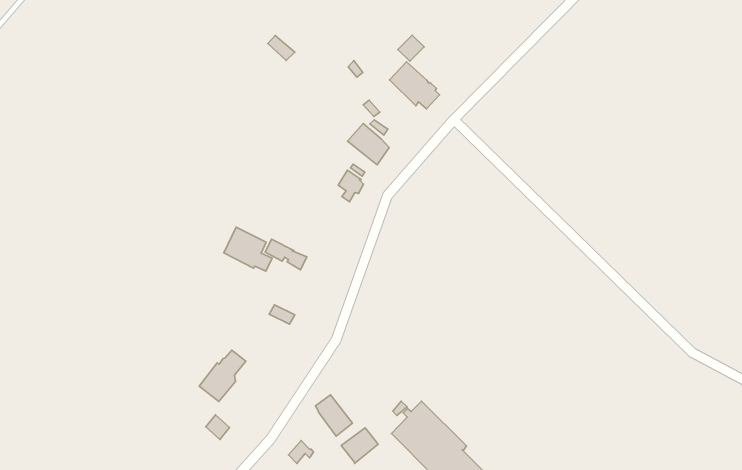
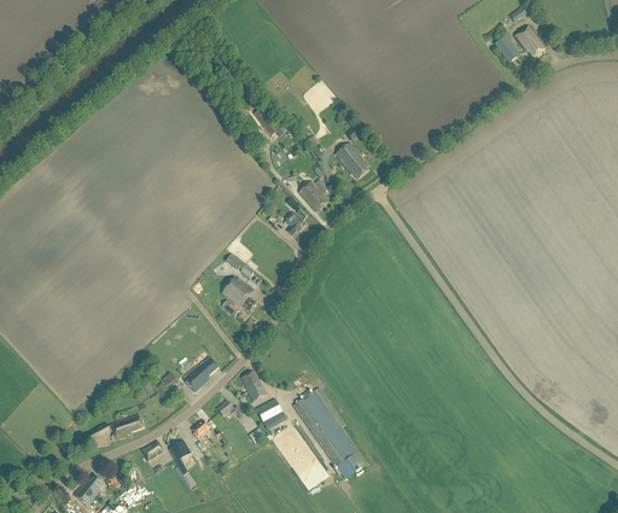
building: [224,227,272,271] -> [222,276,256,311]
building: [199,350,246,401] -> [183,357,220,392]

